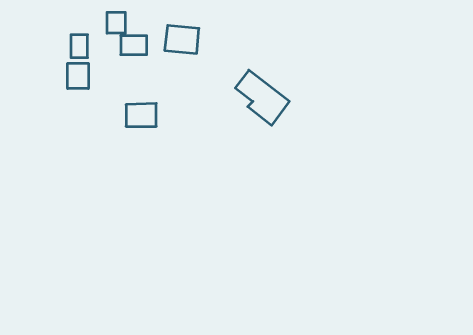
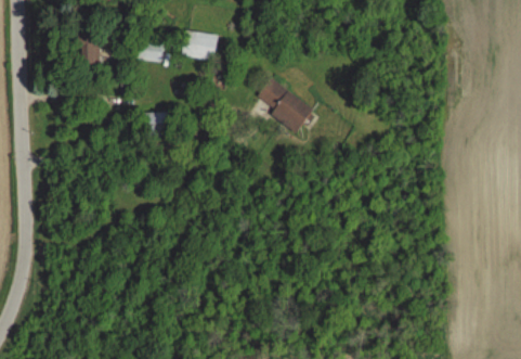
building: [107,12,125,33] -> none
building: [68,63,88,89] -> none

